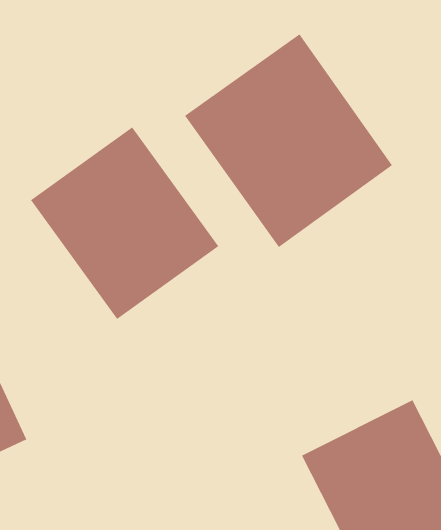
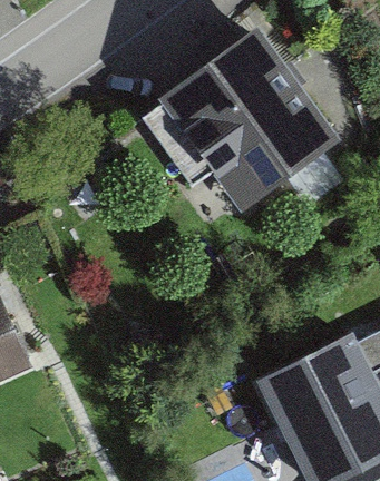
building: [30,127,219,320] -> none

